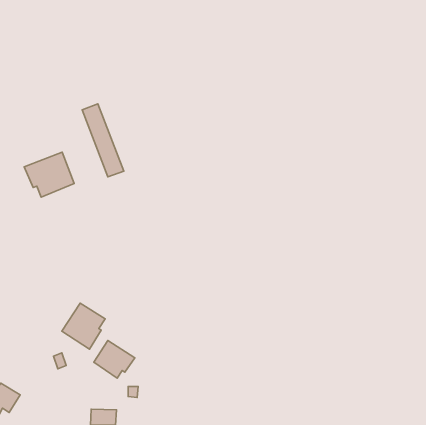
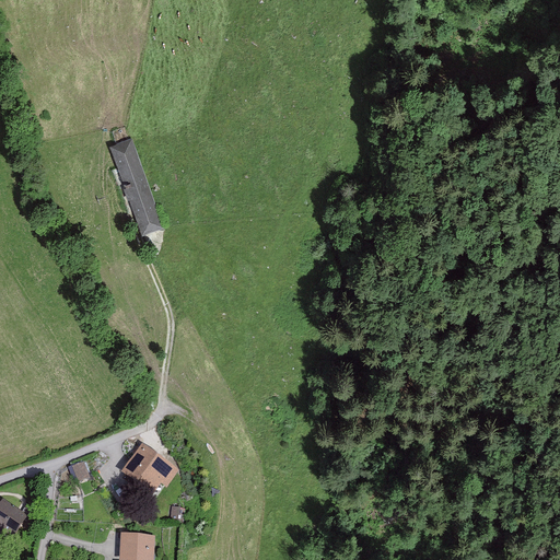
building: [24,152,74,197] -> none
building: [62,303,105,349] -> none

